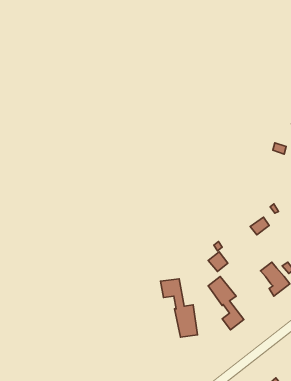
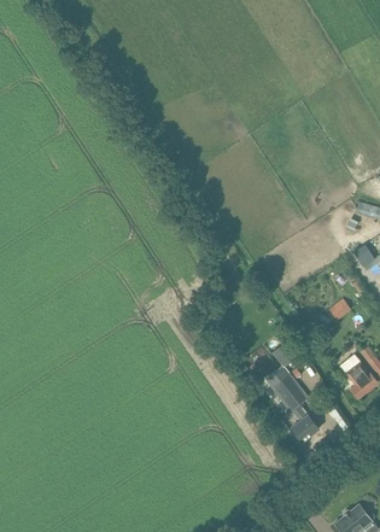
building: [160,279,197,337] -> none

